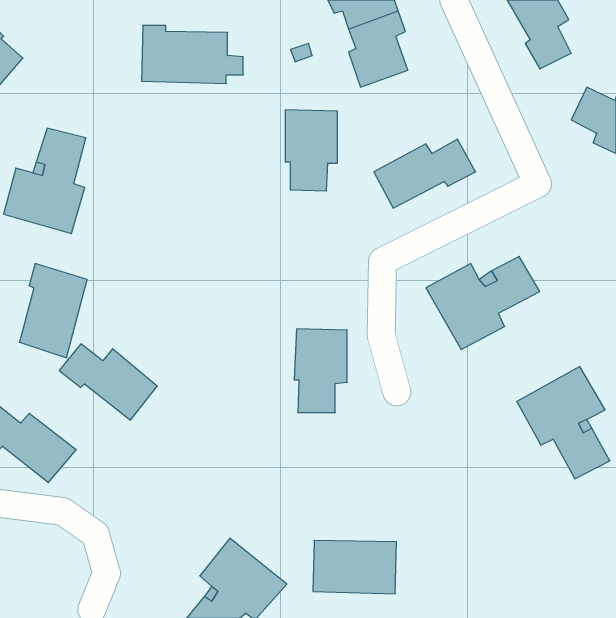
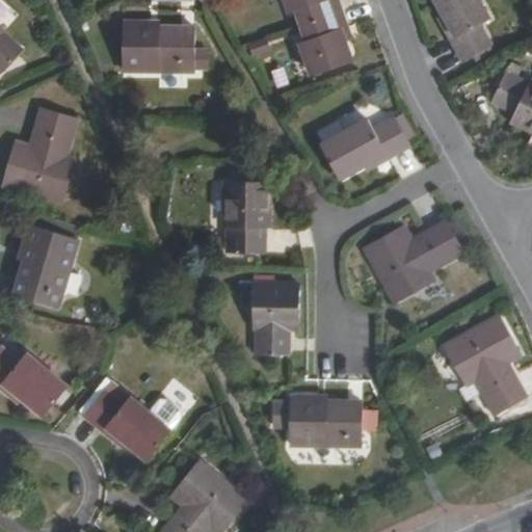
building: [285,110,337,191] -> [222,181,267,250]
building: [59,344,157,420] -> [83,393,167,458]
building: [313,541,396,594] -> [289,399,361,445]

